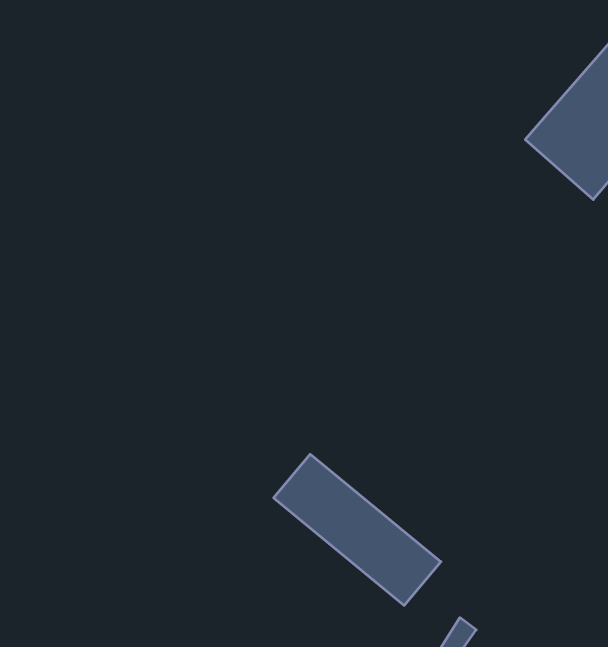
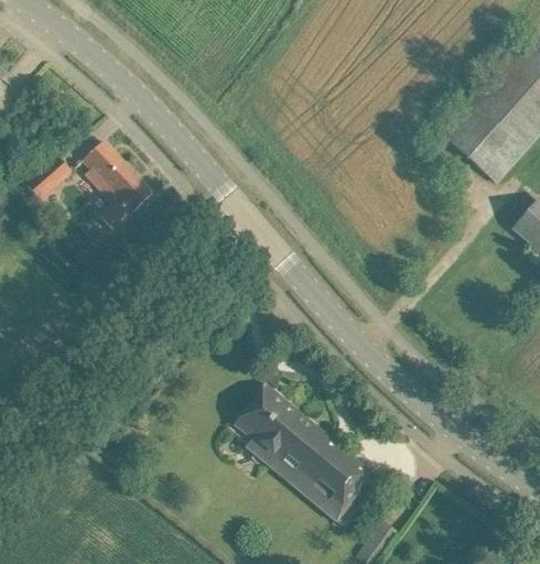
building: none -> [82,142,152,230]
building: none -> [24,156,71,200]

